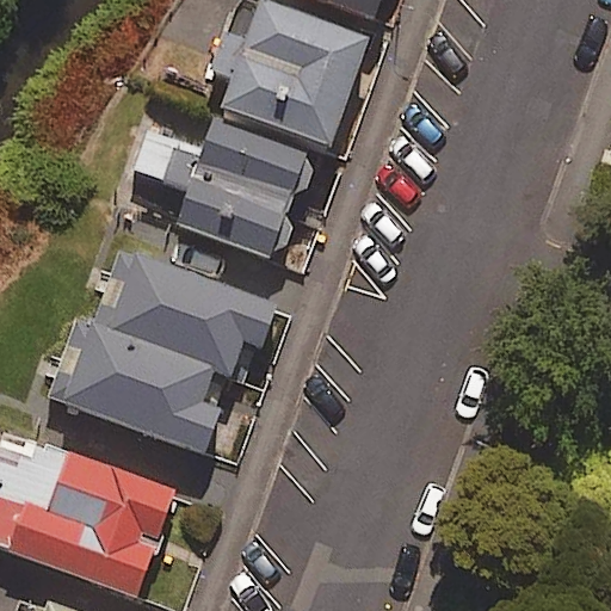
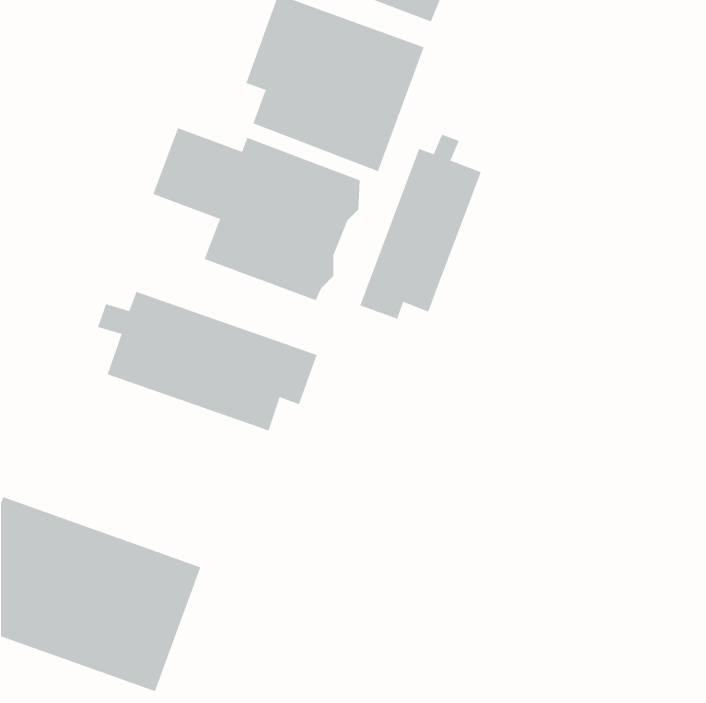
building: none -> [360,134,481,320]
building: [37,315,218,451] -> none

